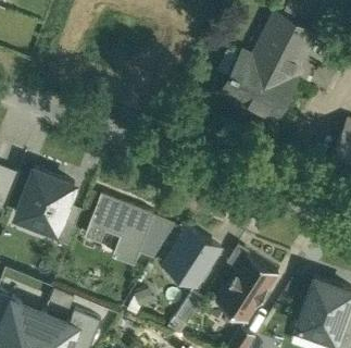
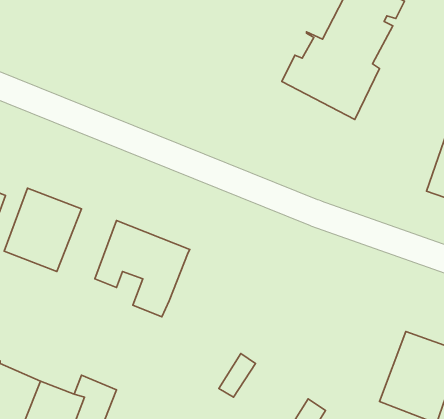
building: [138,216,173,257] -> none
building: [164,227,218,284] -> none
building: [215,252,277,321] -> none

